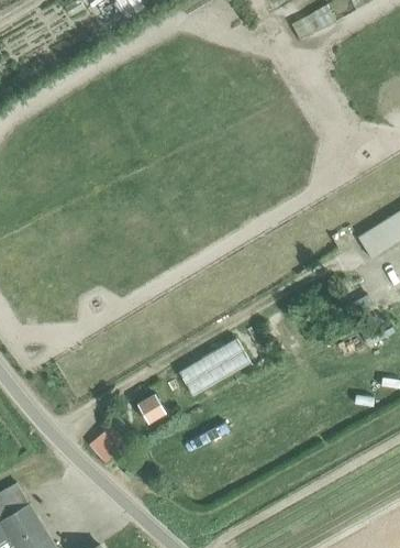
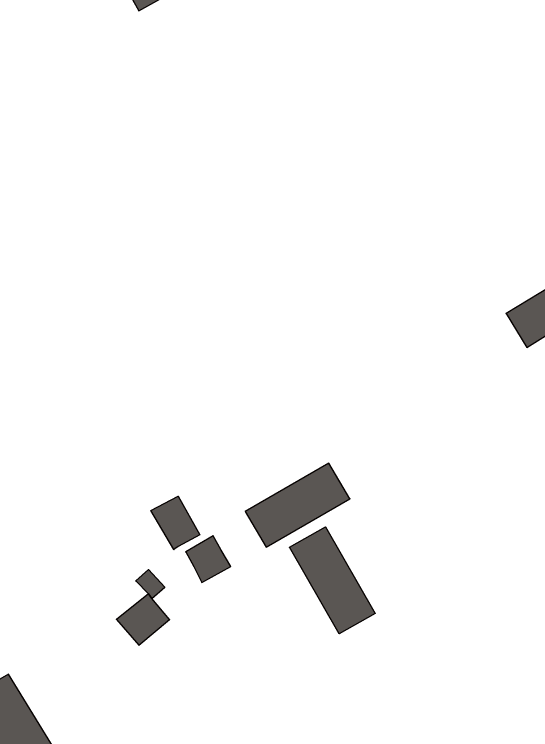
building: none -> [151,496,200,550]
building: none -> [289,527,375,634]

